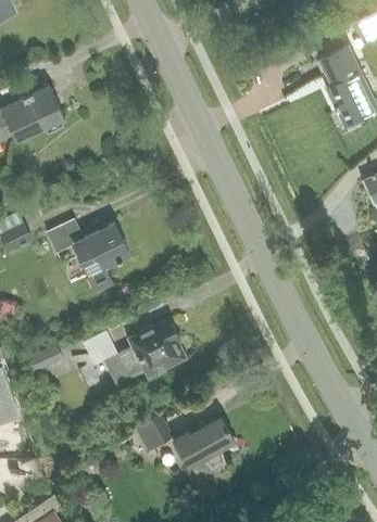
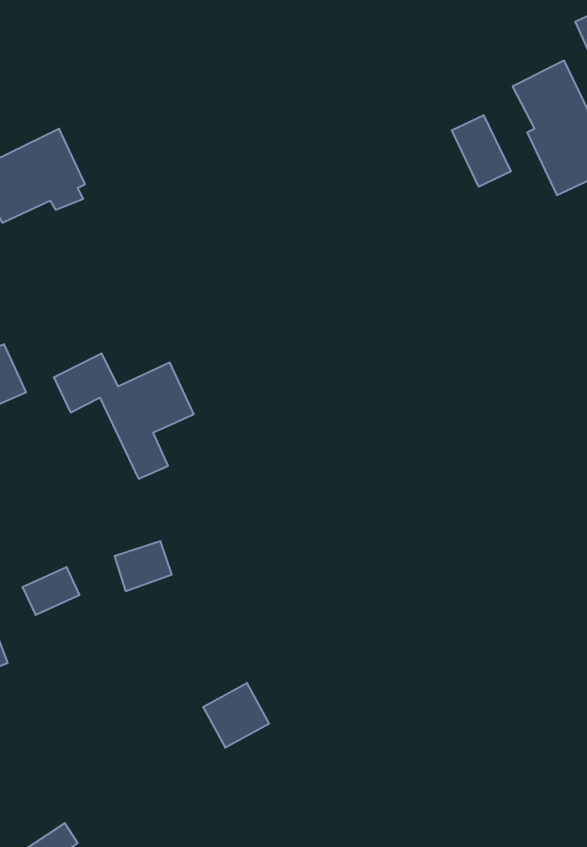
building: none -> [452,115,511,187]
building: [102,320,183,384] -> none
building: [176,420,234,469] -> none

